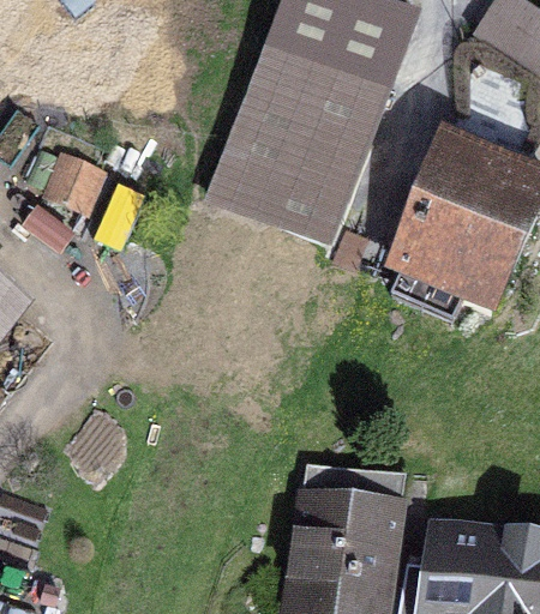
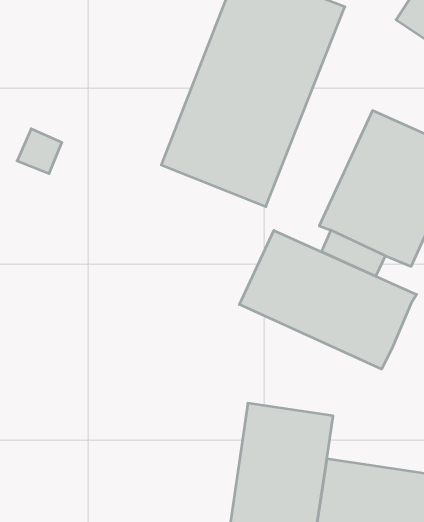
building: none -> [239,230,417,369]

